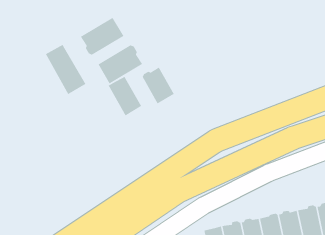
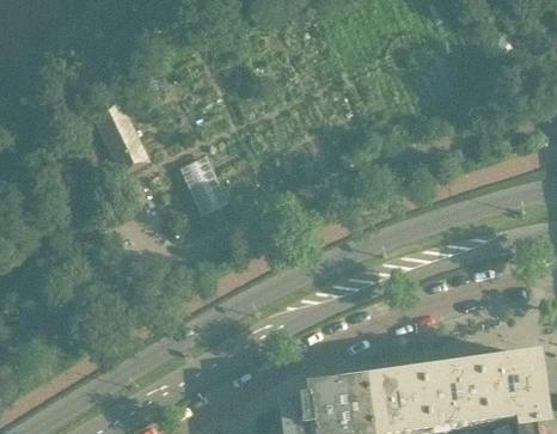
building: [80,17,125,56] -> none
building: [98,44,143,84] -> none
building: [142,66,175,104] -> none

